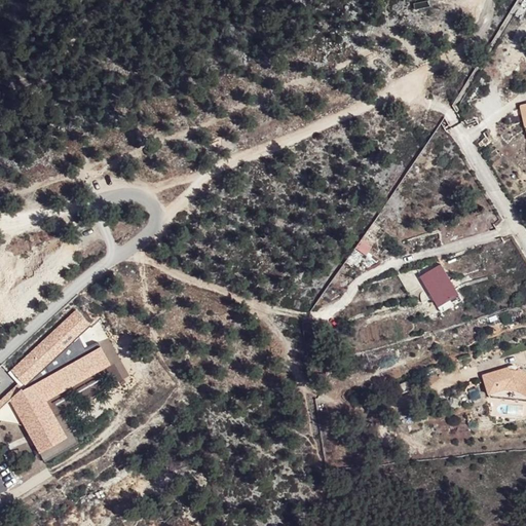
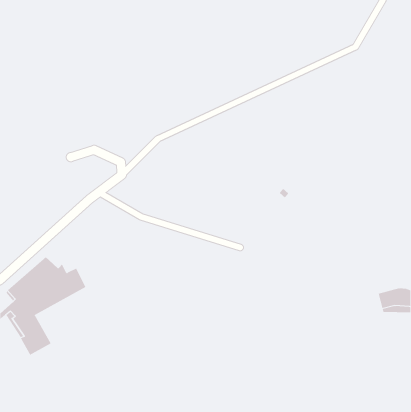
building: [421,263,458,306] -> none
building: [59,310,88,341] -> none

